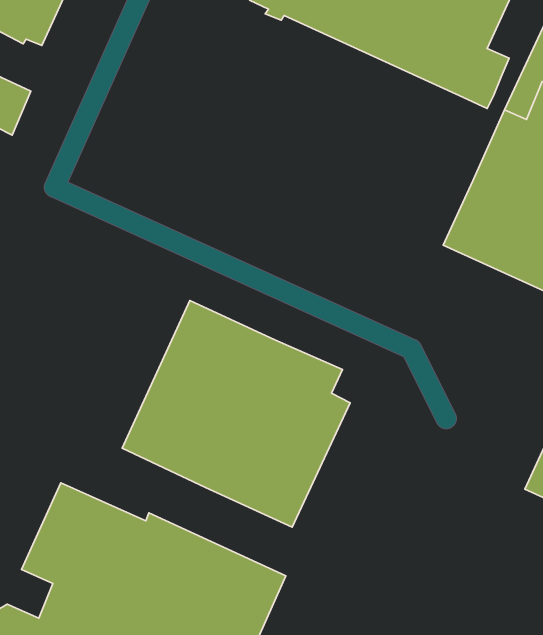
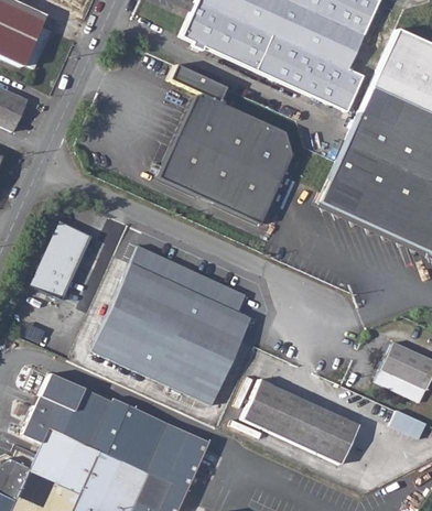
building: none -> [159,65,292,224]
building: none -> [31,221,94,301]
building: none -> [241,377,360,463]

